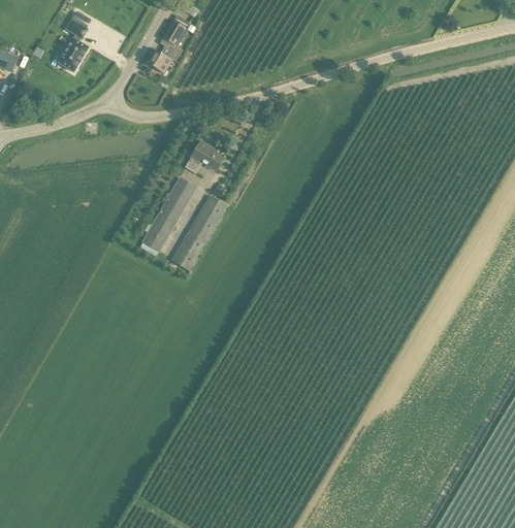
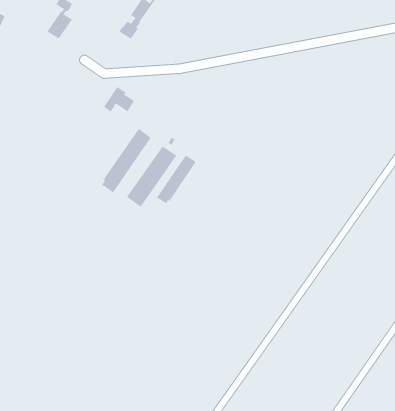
building: [186,139,223,171] -> [103,86,135,113]
building: none -> [156,155,197,204]

